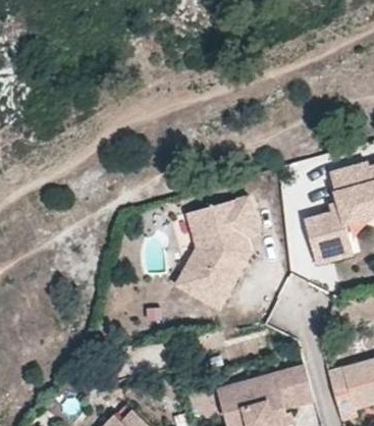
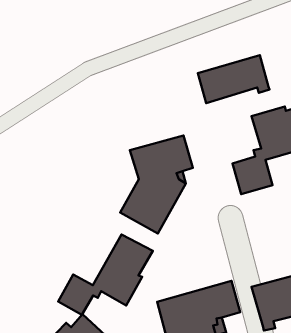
building: none -> [198,55,269,103]
building: none -> [58,234,153,315]

